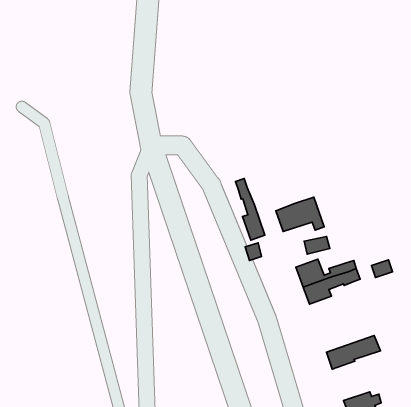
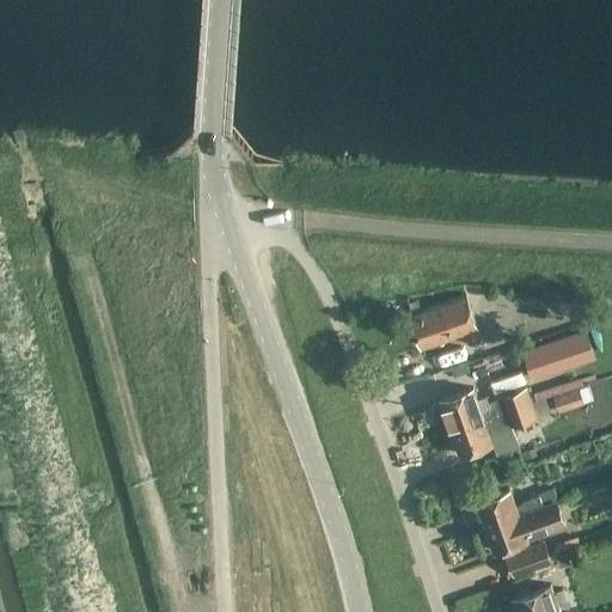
building: [235,179,265,240] -> none
building: none -> [524,333,592,382]
building: none -> [477,492,556,530]
building: none -> [506,545,551,580]

